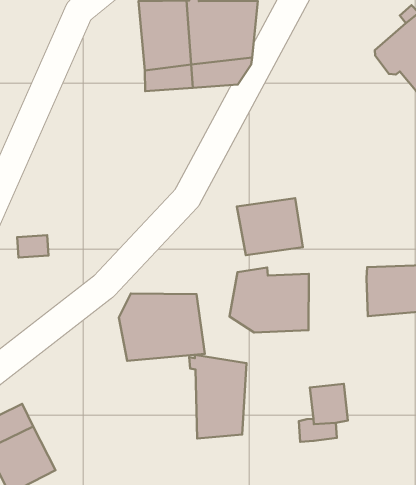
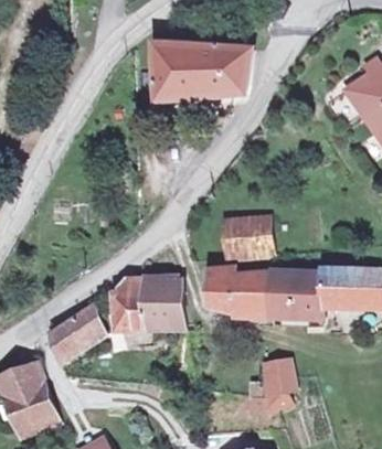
building: none -> [272,270,321,318]
building: none -> [52,310,115,357]
building: [189,355,246,439] -> none

